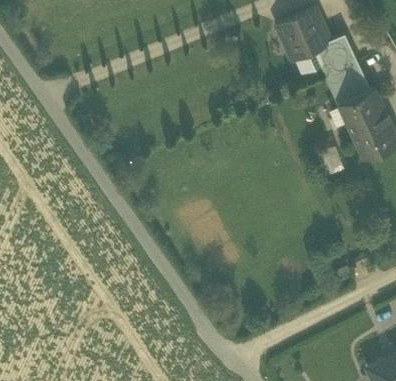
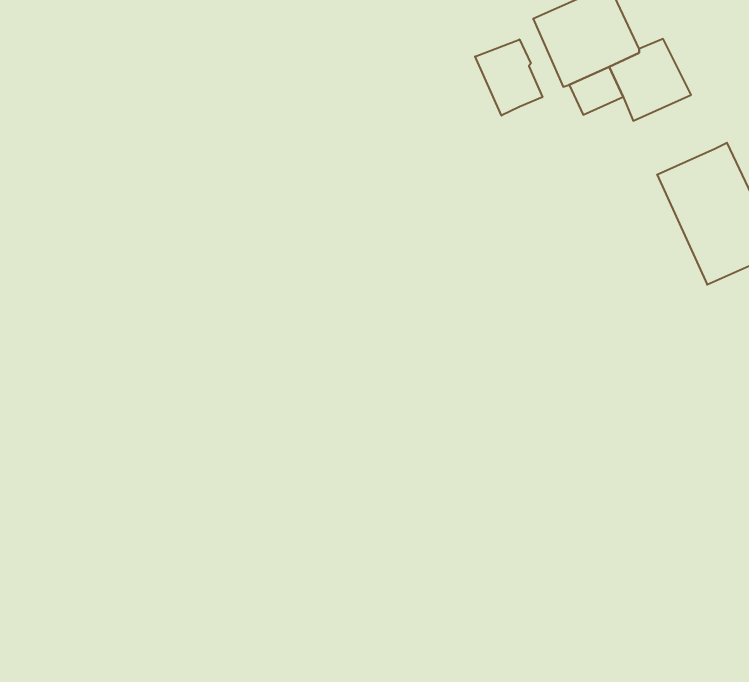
building: none -> [475,39,542,116]
building: [327,64,368,104] -> none

